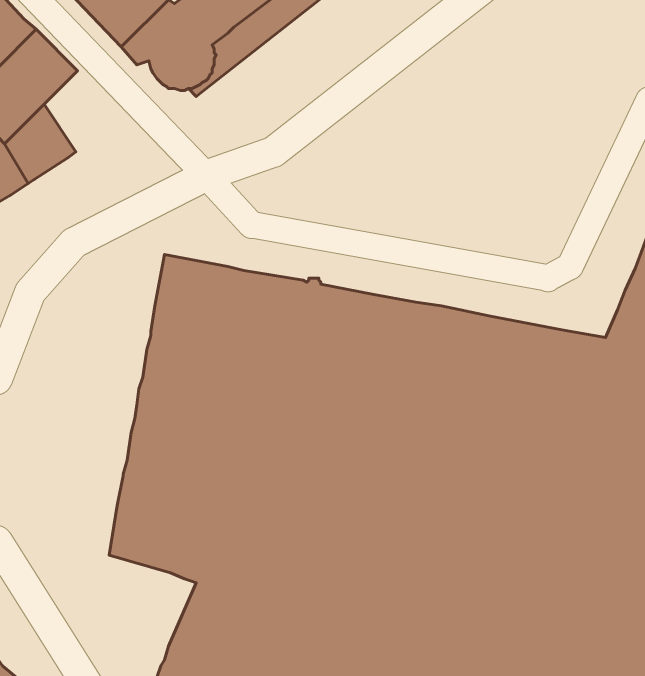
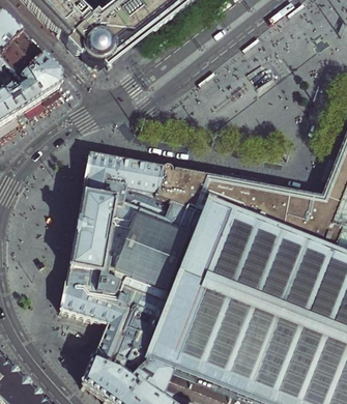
building: none -> [28,53,63,95]

